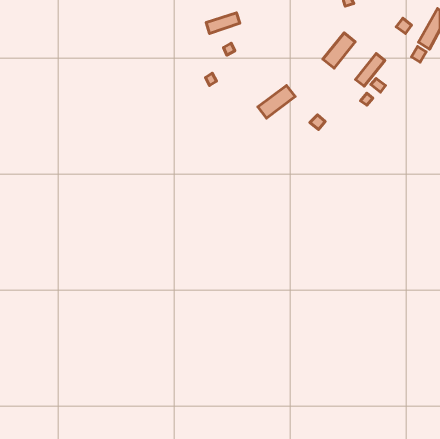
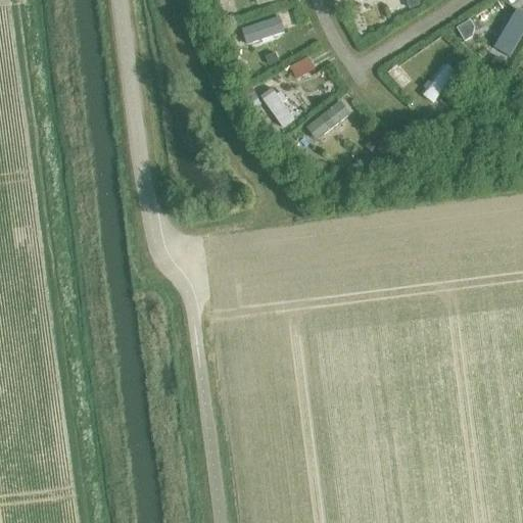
building: [323,33,355,68] -> none
building: none -> [259,88,294,129]

